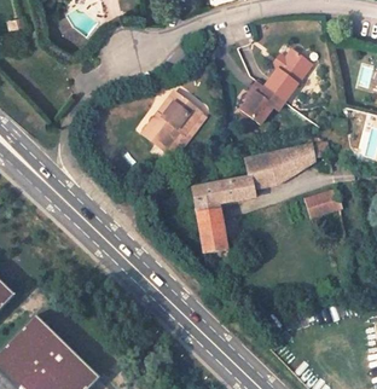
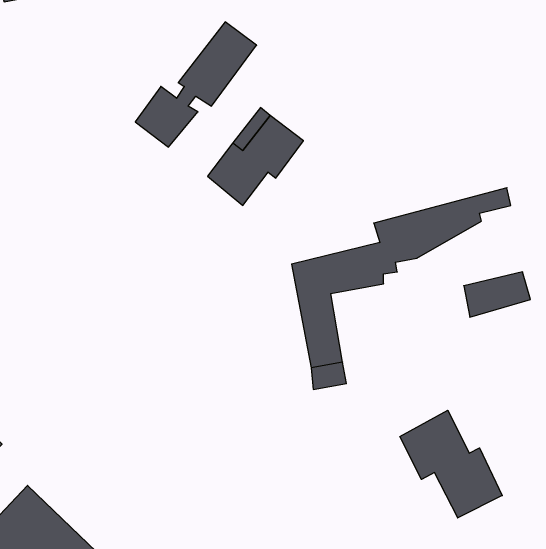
building: [238,46,313,123] -> [135,22,257,147]
building: none -> [400,410,502,518]

